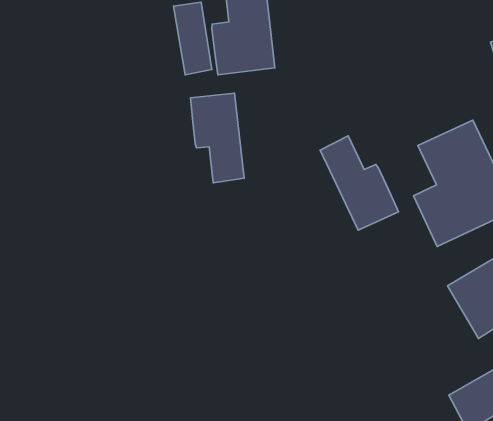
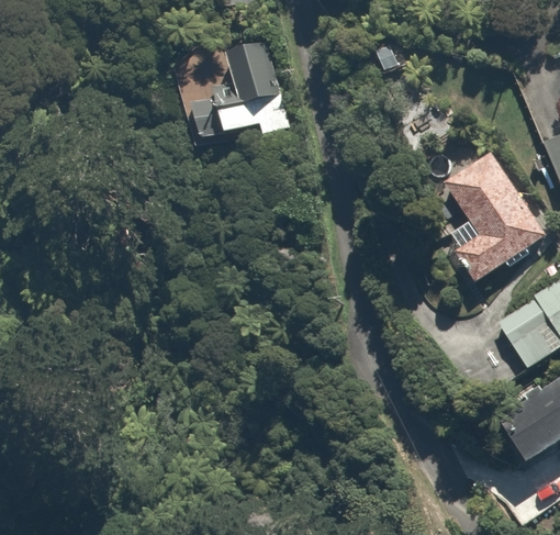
building: [191,93,244,183] -> none
building: [320,136,398,230] -> none

